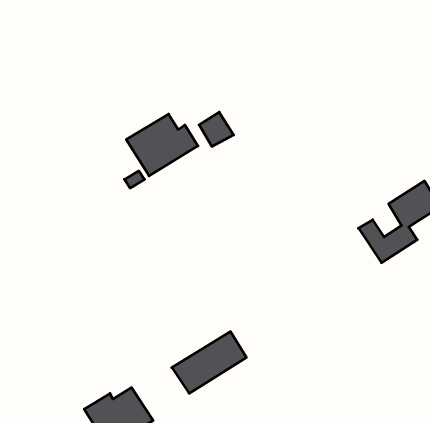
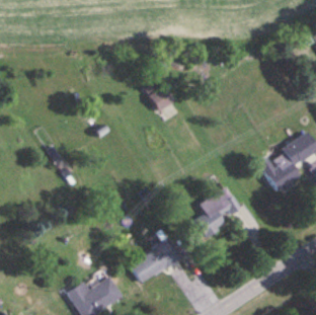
building: [126,114,198,176] -> none
building: none -> [195,187,240,238]

